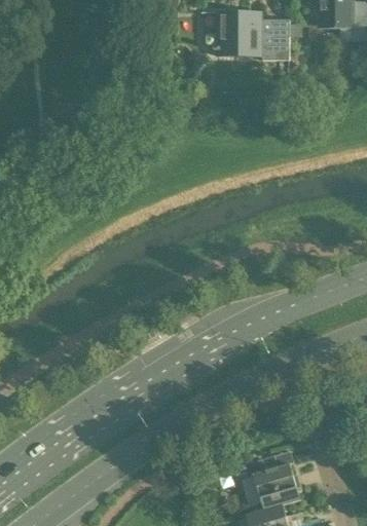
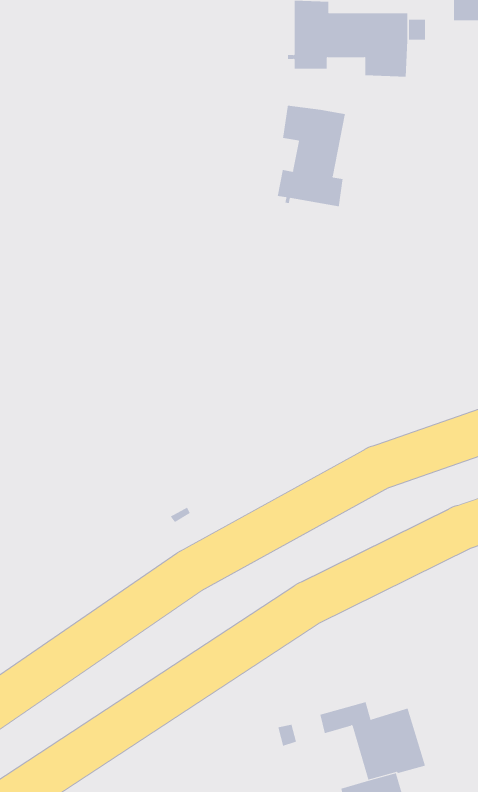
building: none -> [277,105,345,207]

